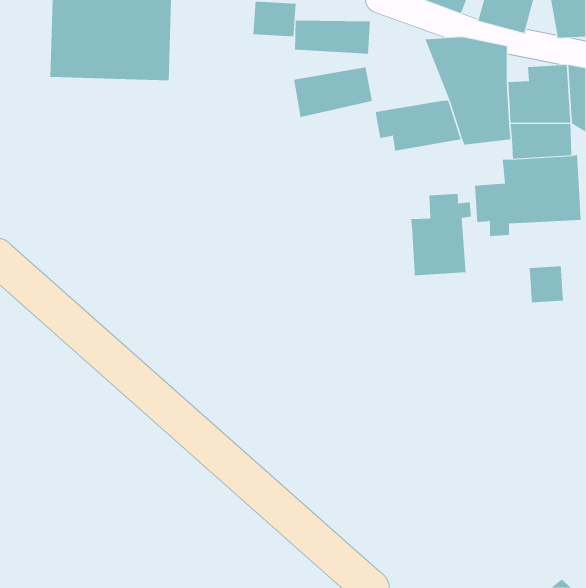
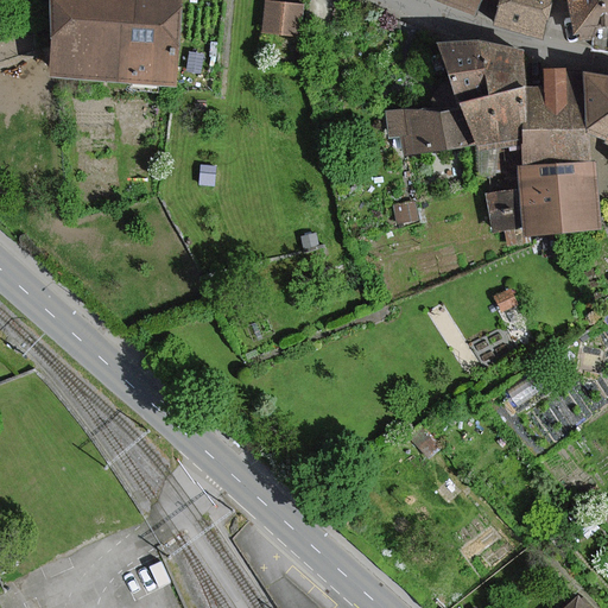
building: [295,20,371,54] -> none
building: [294,67,373,118] -> none
building: [410,193,471,276] -> none
building: [529,266,564,303] -> none

